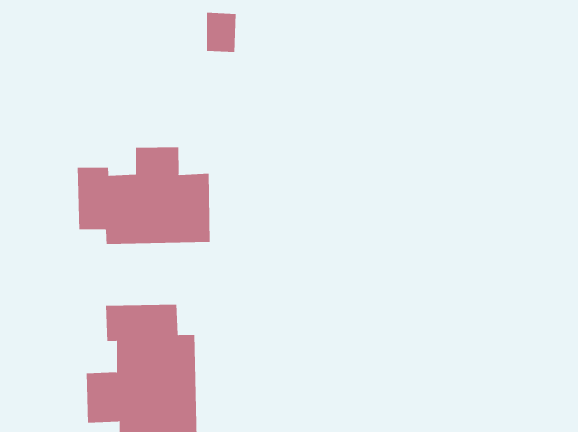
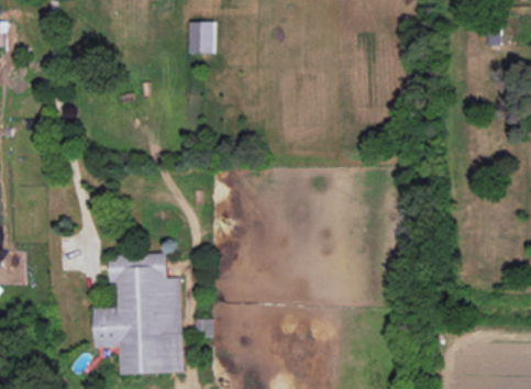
building: [77,146,210,245] -> none

